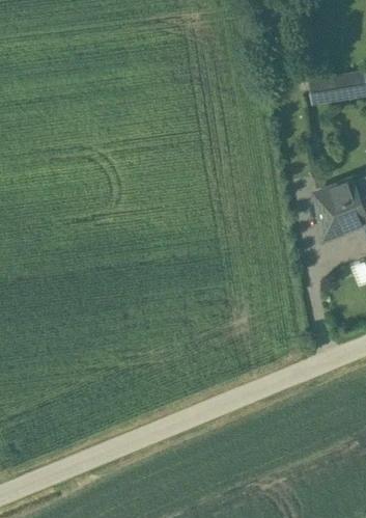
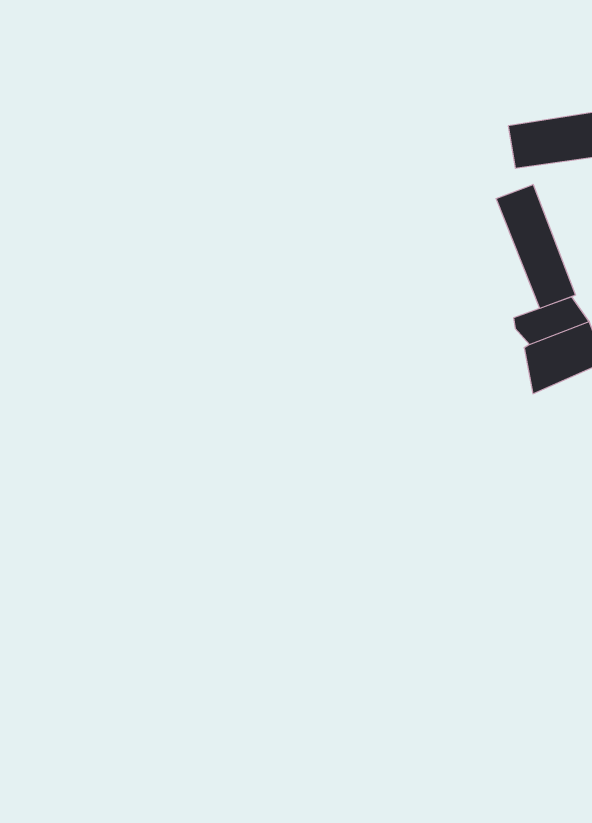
building: none -> [496,184,575,308]

